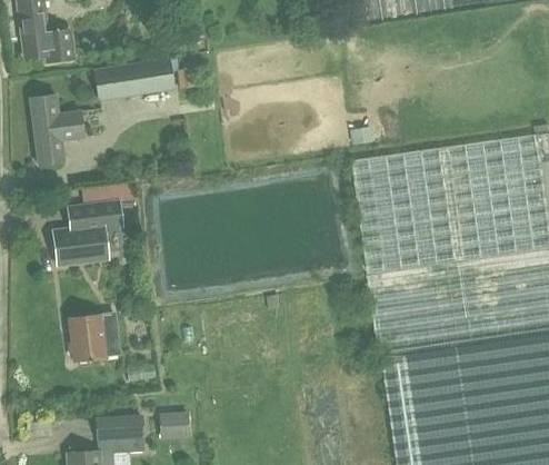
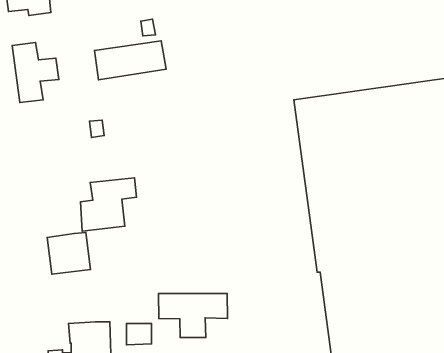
building: [93,57,176,101] -> [94,41,166,80]
building: [57,204,121,265] -> [80,178,136,231]
building: none -> [158,294,227,337]

